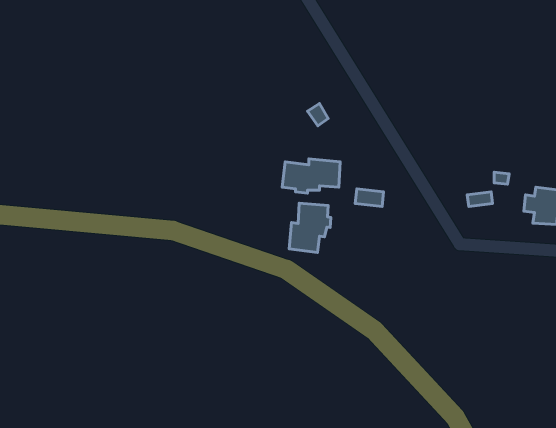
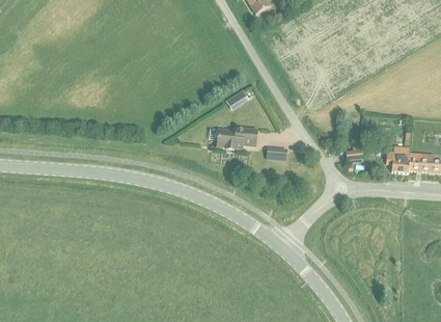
building: [289,203,331,252] -> none

